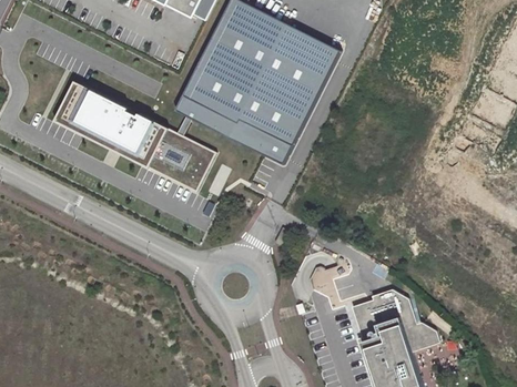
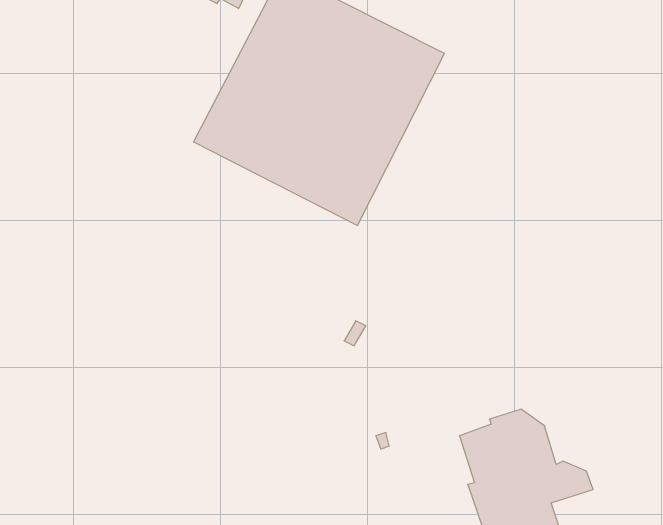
building: [54,82,216,192] -> none

